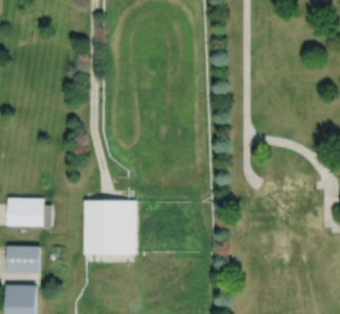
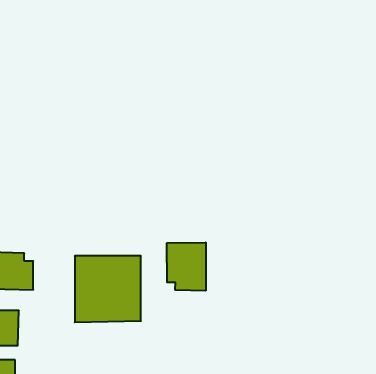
building: none -> [167,242,206,291]

